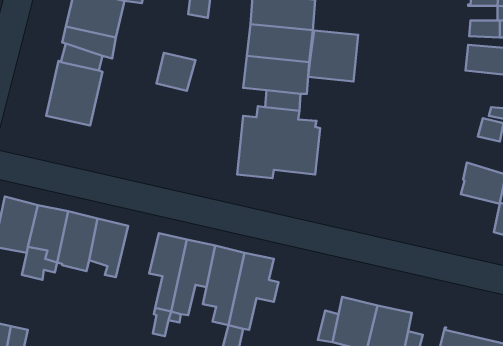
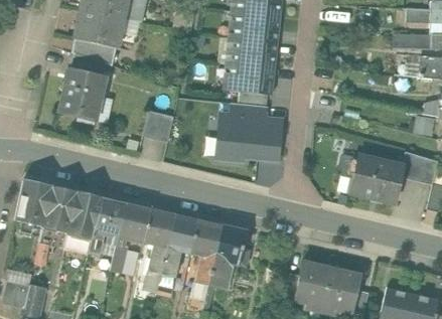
building: [308,31,358,81] -> none
building: [156,53,196,91] -> [142,111,174,142]
building: none -> [349,155,403,203]
building: none -> [110,203,151,275]

